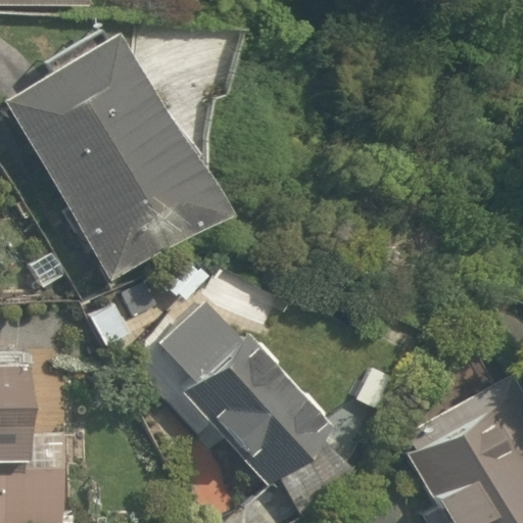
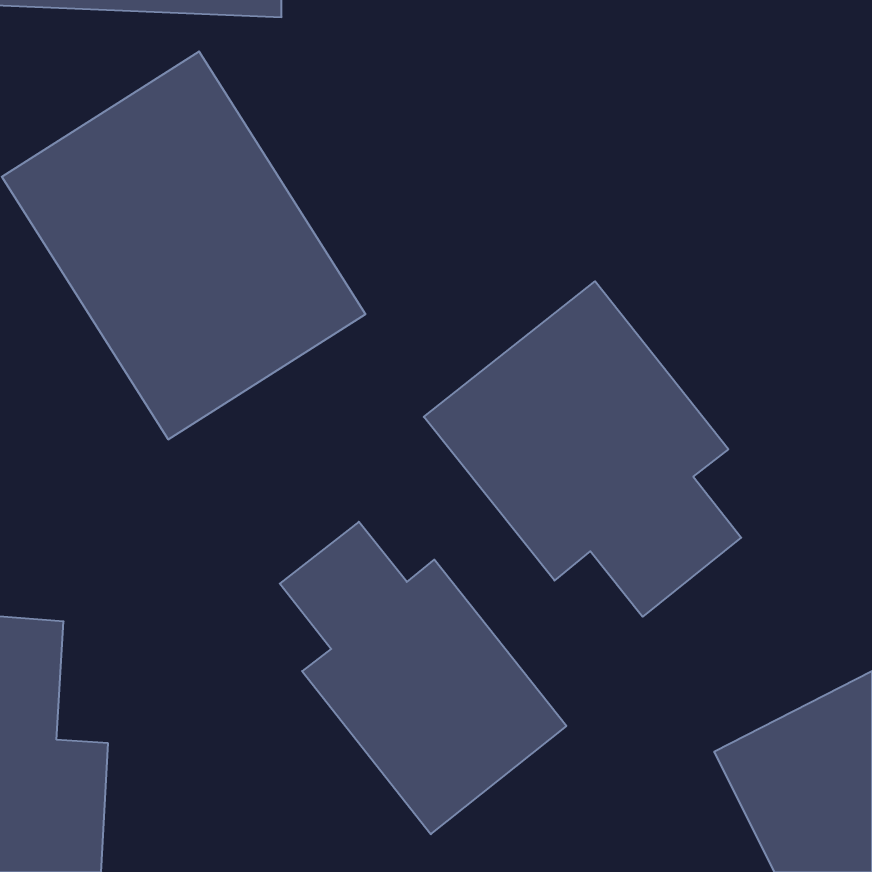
building: none -> [424,281,741,617]

